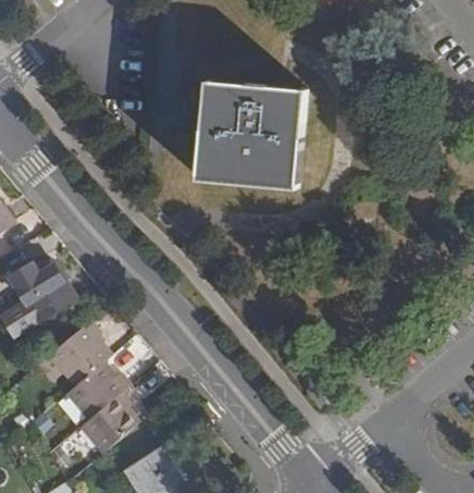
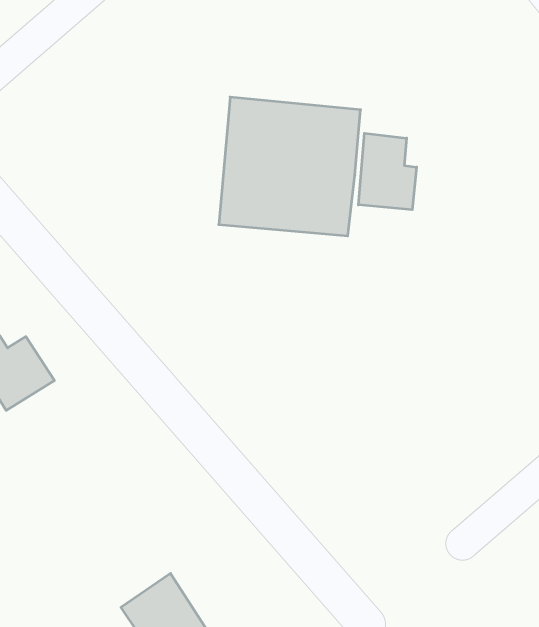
building: none -> [358,133,417,210]
building: [46,326,137,452] -> none

